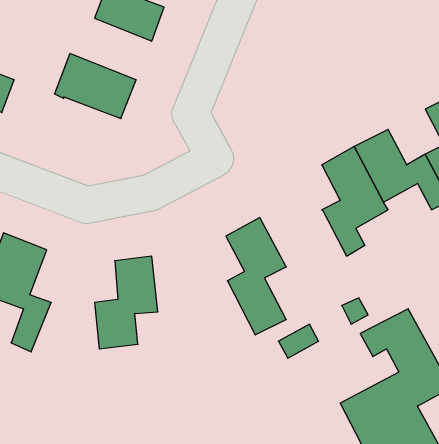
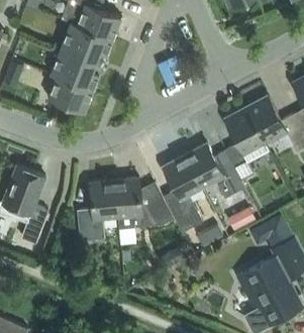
building: none -> [61,23,114,66]
building: none -> [48,77,94,113]
building: none -> [185,144,244,199]
building: none -> [114,179,174,229]

